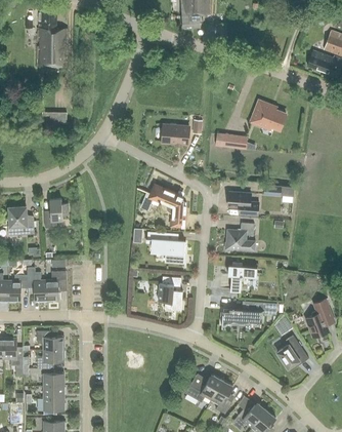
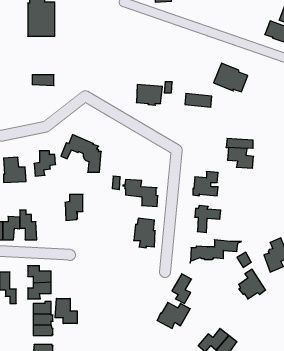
building: [140,183,186,226] -> [61,135,101,172]
building: [228,192,258,215] -> [227,147,254,168]
building: [46,271,67,301] -> [65,194,83,220]
building: none -> [55,298,77,324]
building: [211,380,233,414] -> [172,274,192,303]

